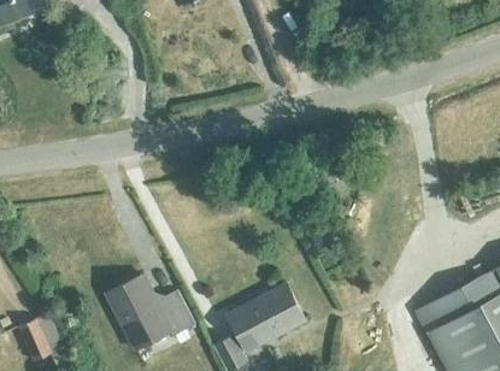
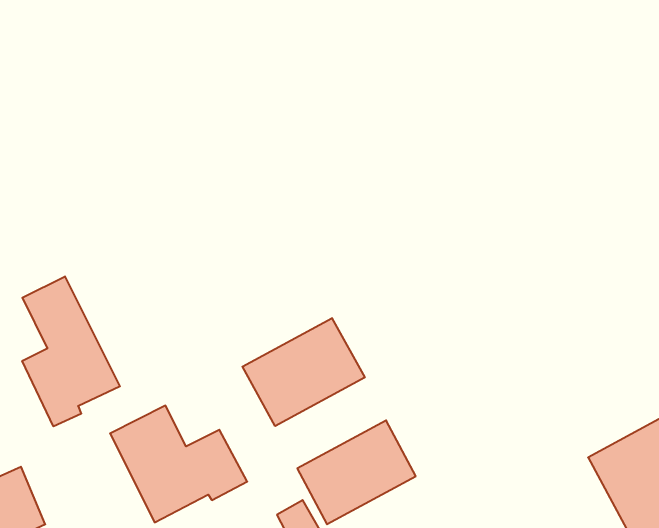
building: none -> [22,276,120,426]
building: none -> [242,318,365,426]

